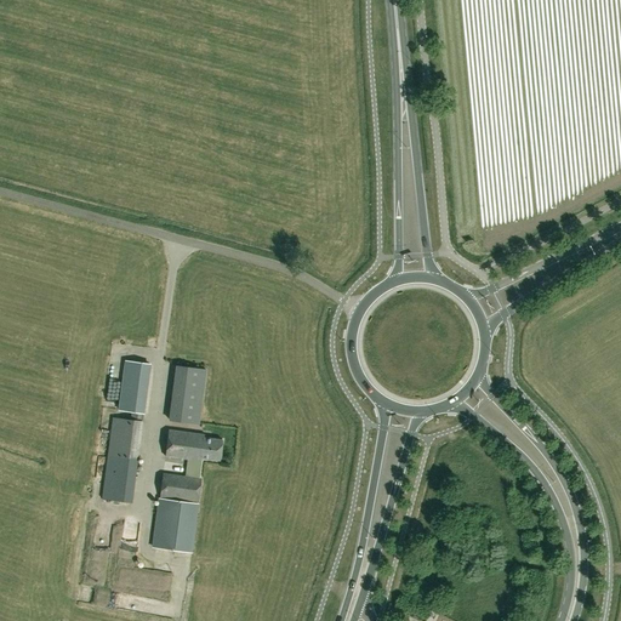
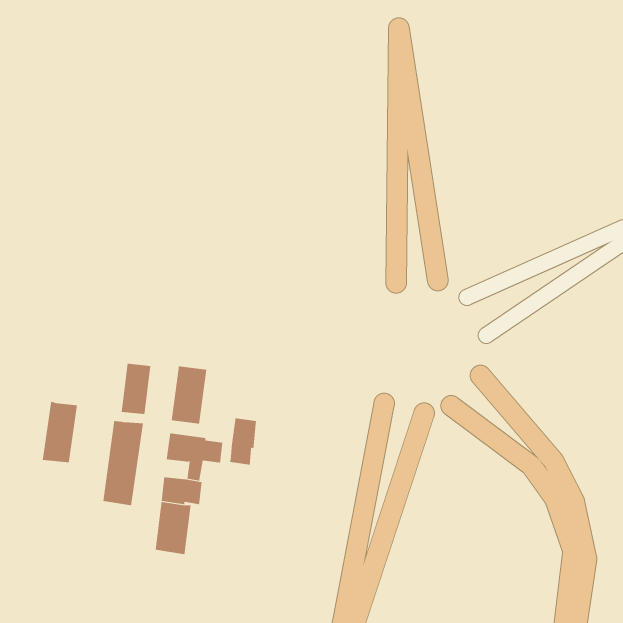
building: none -> [42,401,78,463]
building: none -> [230,417,257,465]

